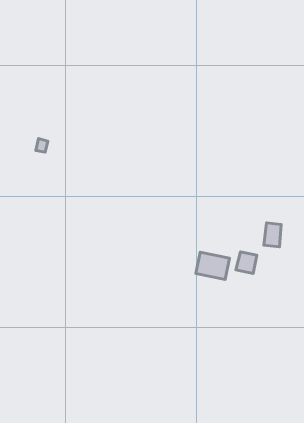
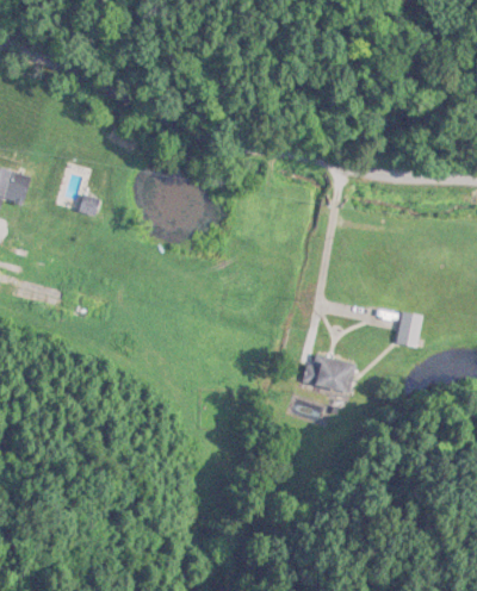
building: [236,252,257,273] -> none

